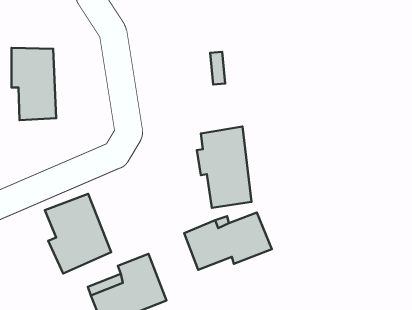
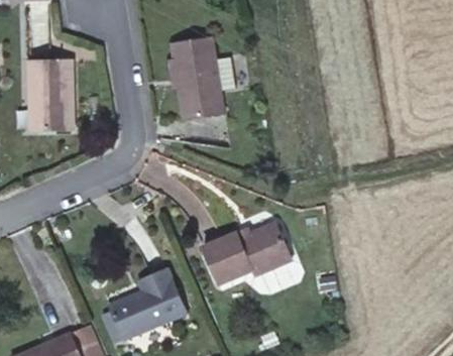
building: [197,127,251,208] -> [166,34,222,117]
building: [45,194,111,274] -> none

